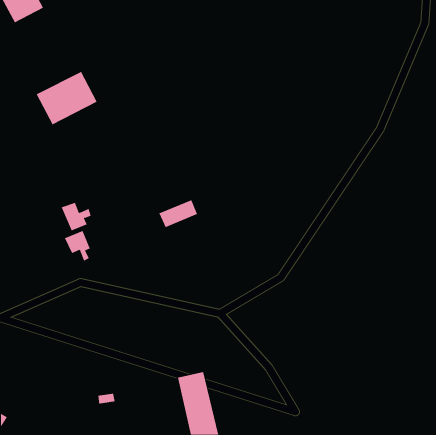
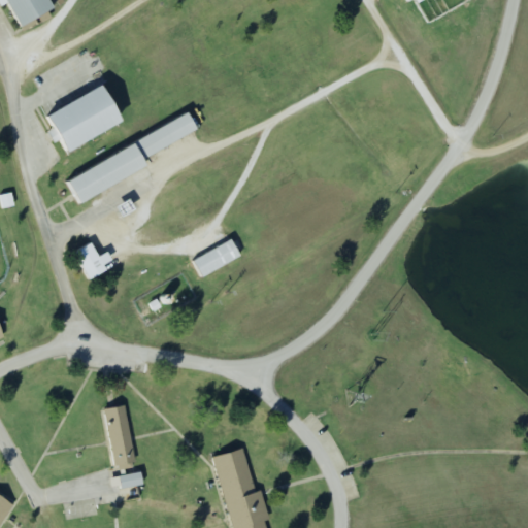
building: none -> [67,114,196,201]
building: [64,230,91,261] -> none
building: none -> [105,404,136,469]

